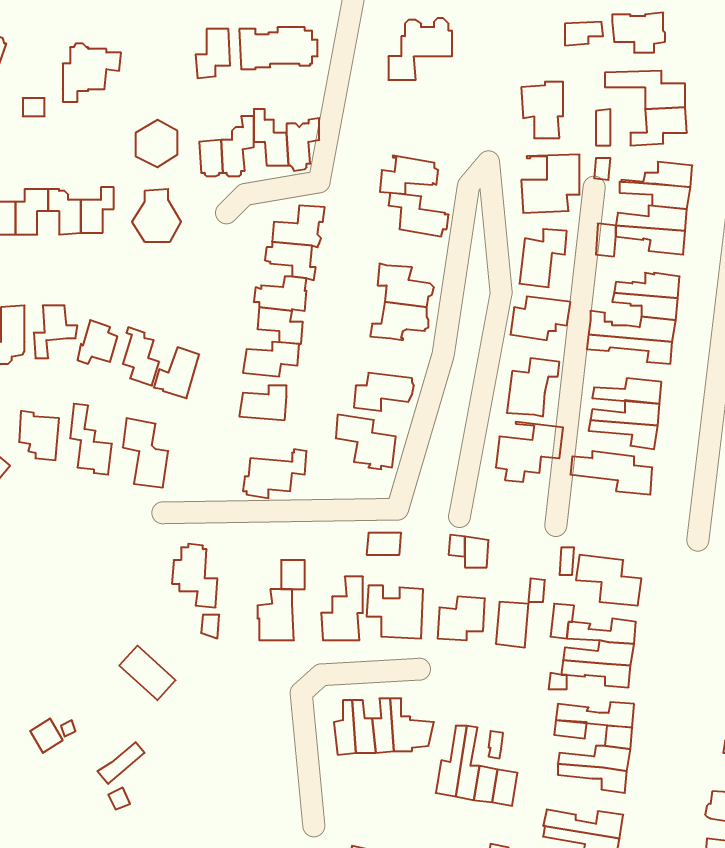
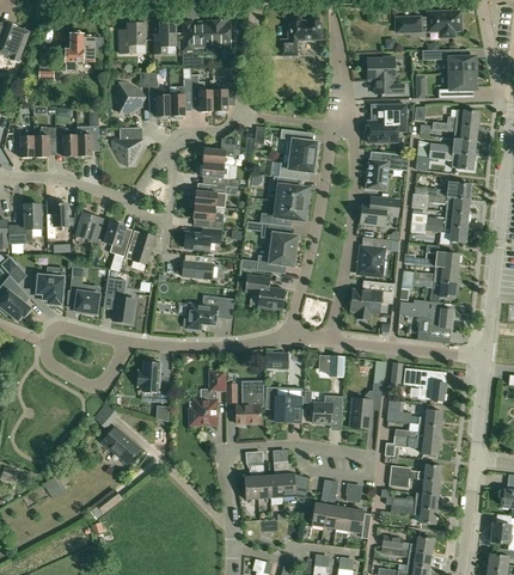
building: none -> [120,23,145,53]
building: [380,156,438,194] -> [279,153,317,178]
building: none -> [261,222,299,251]

